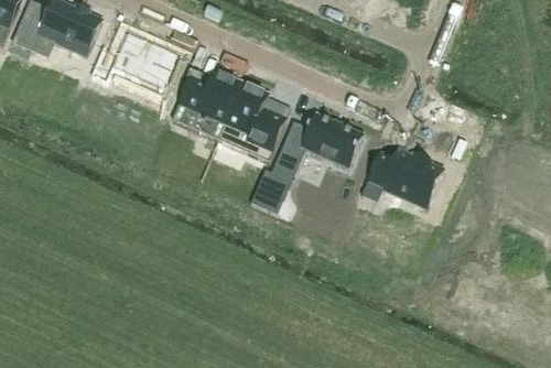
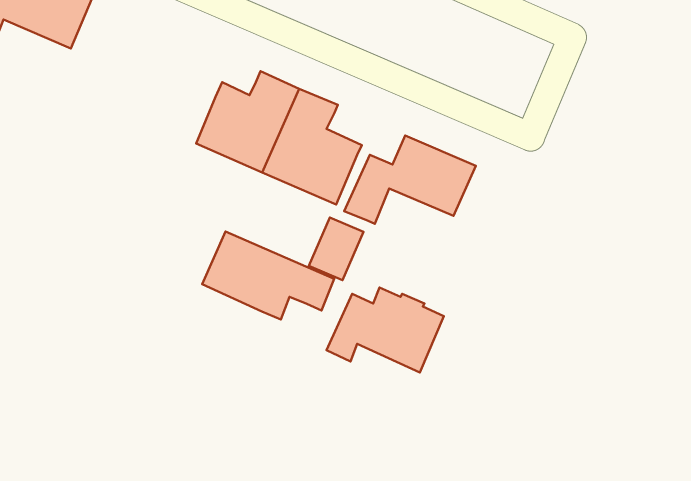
building: [89,31,177,90] -> none
building: [361,149,442,207] -> [327,287,444,373]
building: none -> [202,232,334,320]

